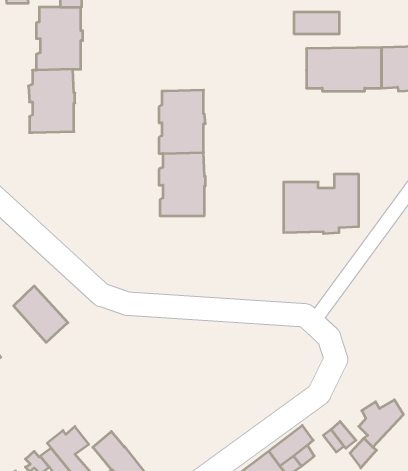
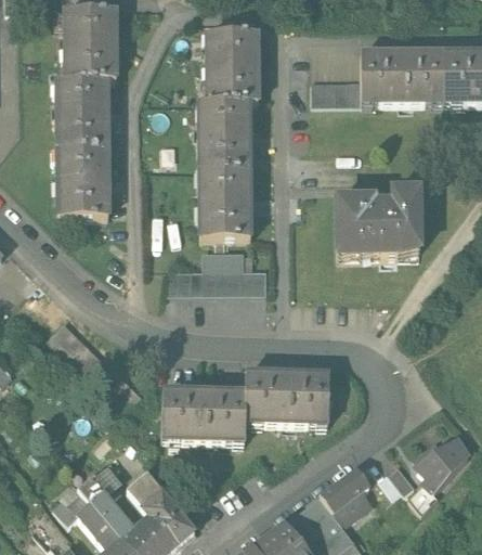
building: [294,12,339,34] -> [312,78,362,102]
building: none -> [208,30,259,101]
building: none -> [58,145,109,215]
building: none -> [168,249,268,291]
building: none -> [162,373,329,440]

